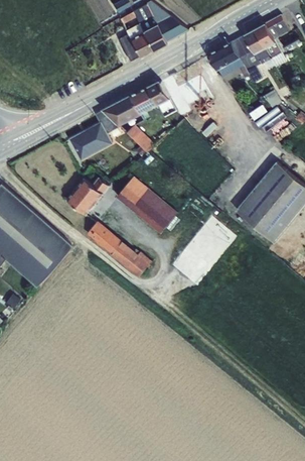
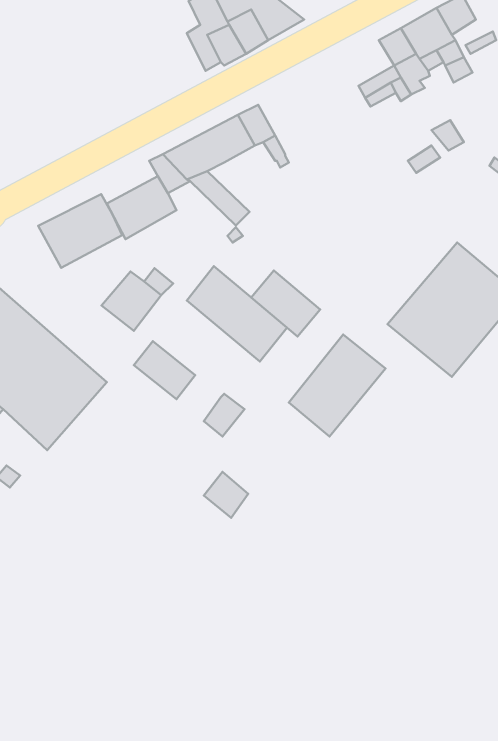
building: [207,42,240,71] -> none
building: none -> [38,194,122,268]
building: none -> [251,271,320,336]
building: [111,241,137,268] -> [204,472,248,518]

